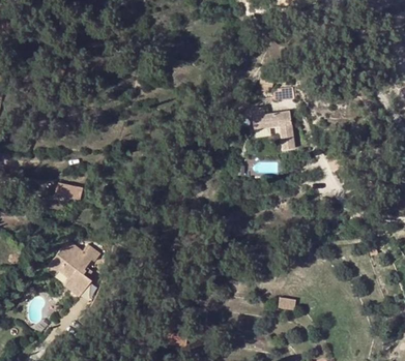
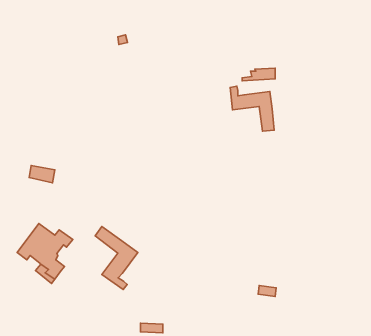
building: none -> [95,226,138,289]

